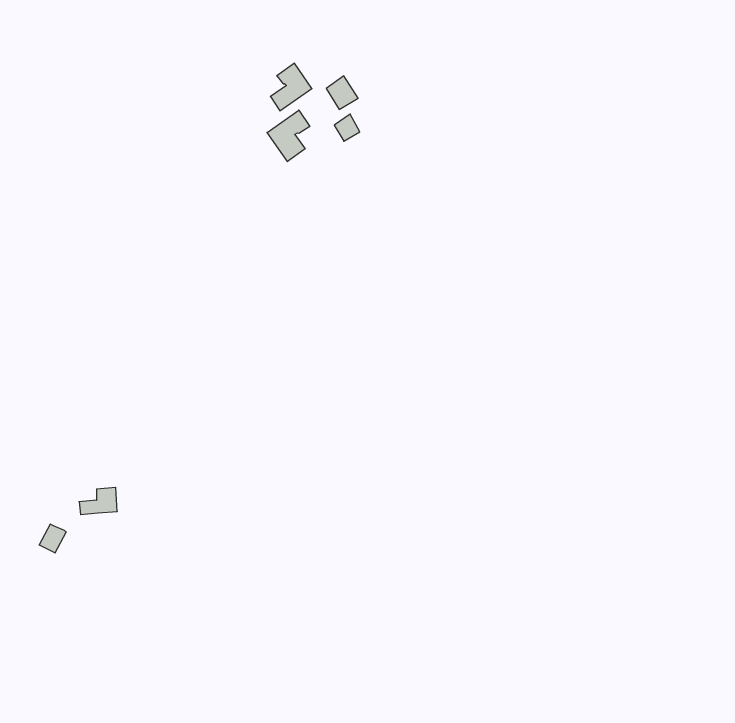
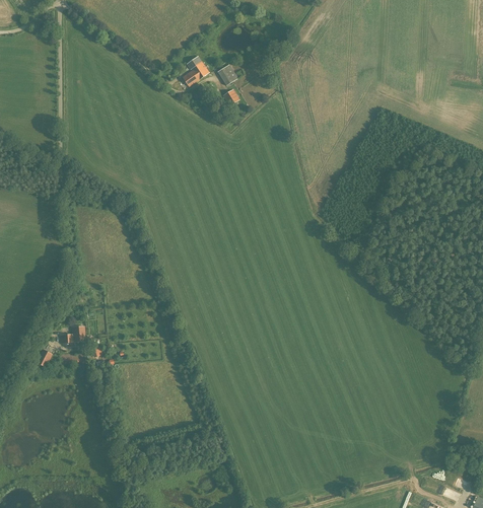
building: [267,110,310,162] -> none

